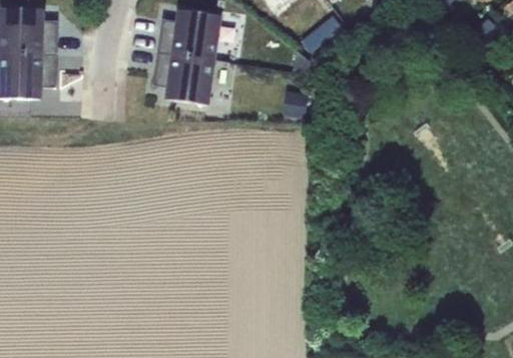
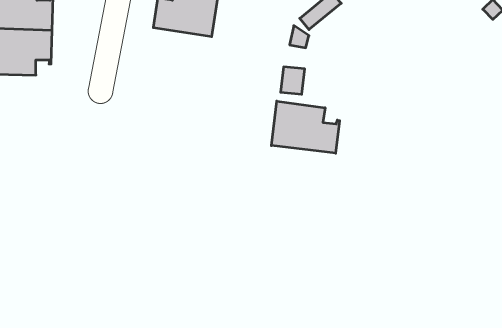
building: [152,51,215,104] -> none
building: none -> [271,101,340,153]

